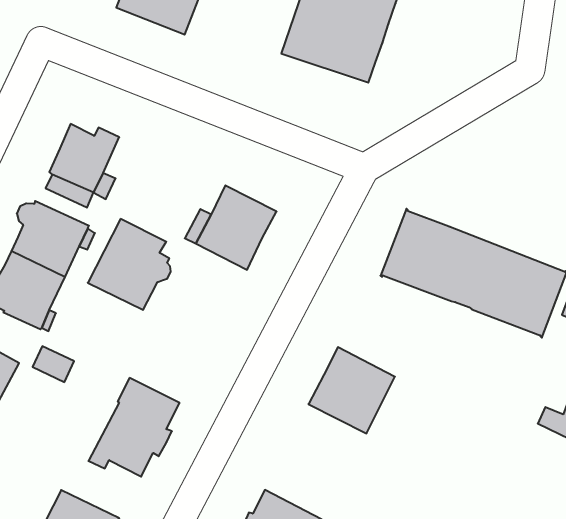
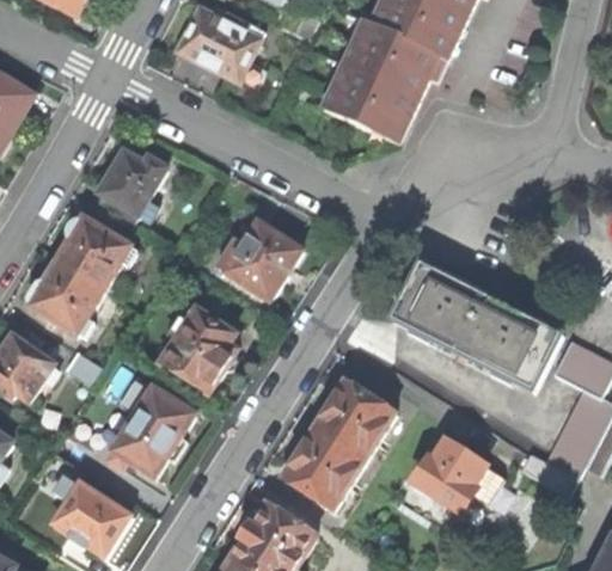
building: [88,219,171,310] -> [161,308,238,393]
building: none -> [412,440,504,512]
building: none -> [282,428,363,509]

